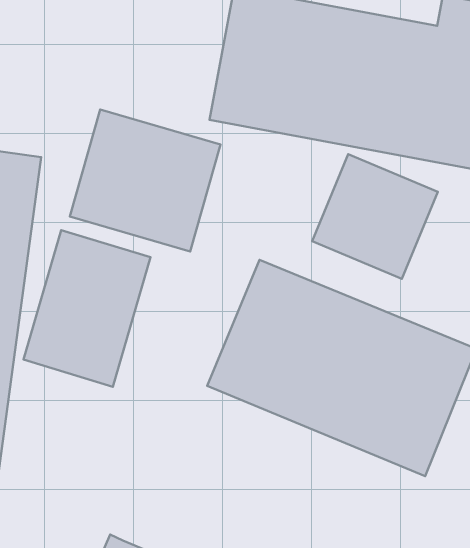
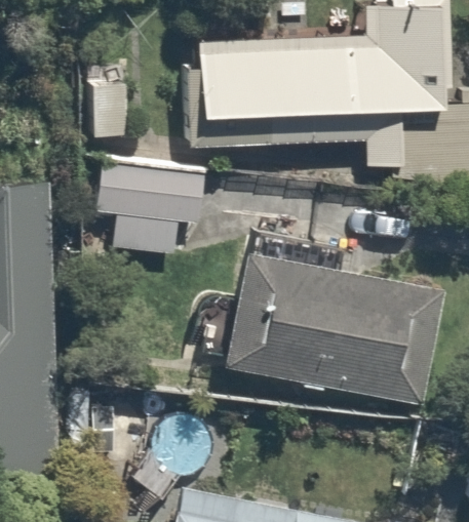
building: [312,154,438,279] -> none
building: [23,230,151,387] -> none

